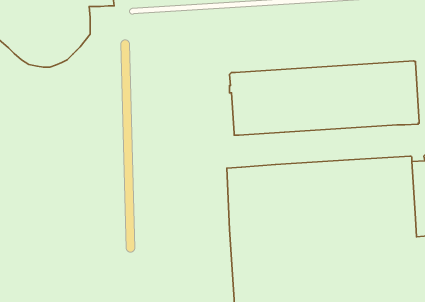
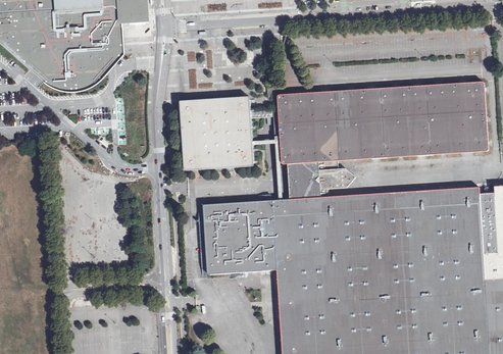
building: none -> [180,96,272,170]
building: none -> [287,160,355,199]
building: none -> [205,200,276,273]

